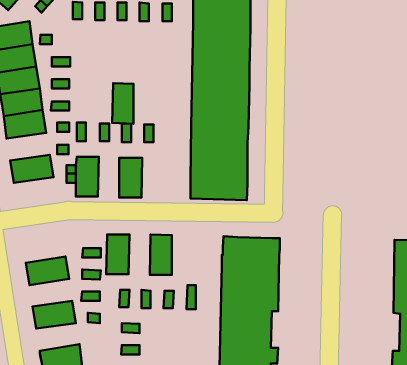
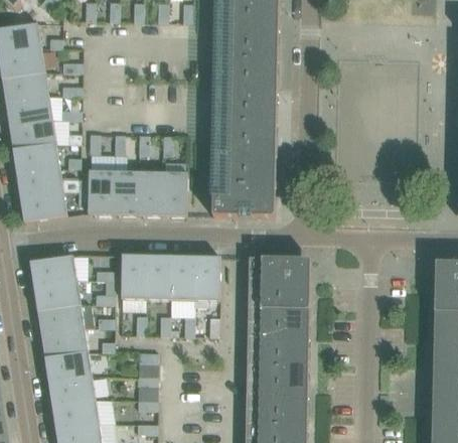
building: [112,83,134,124] -> [113,171,136,215]
building: none -> [13,145,60,175]
building: none -> [160,172,187,216]
building: none -> [21,193,67,224]
building: none -> [30,256,78,287]
building: none -> [146,256,170,300]
building: none -> [193,257,221,308]
building: none -> [38,304,85,334]
building: none -> [45,352,93,383]

